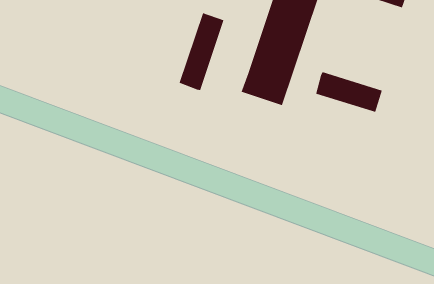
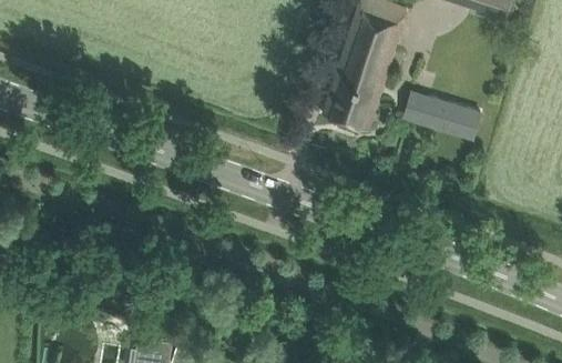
building: [179,12,225,91] -> none

